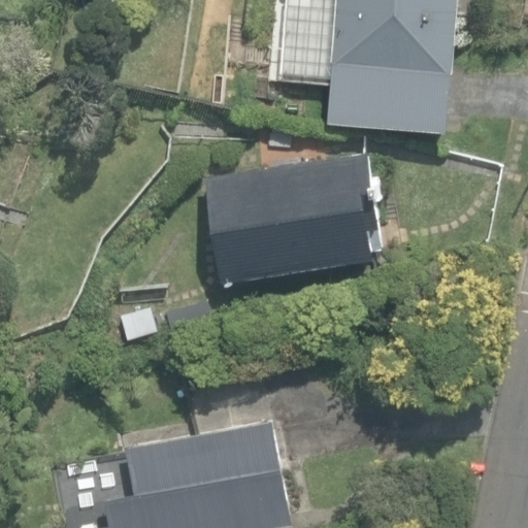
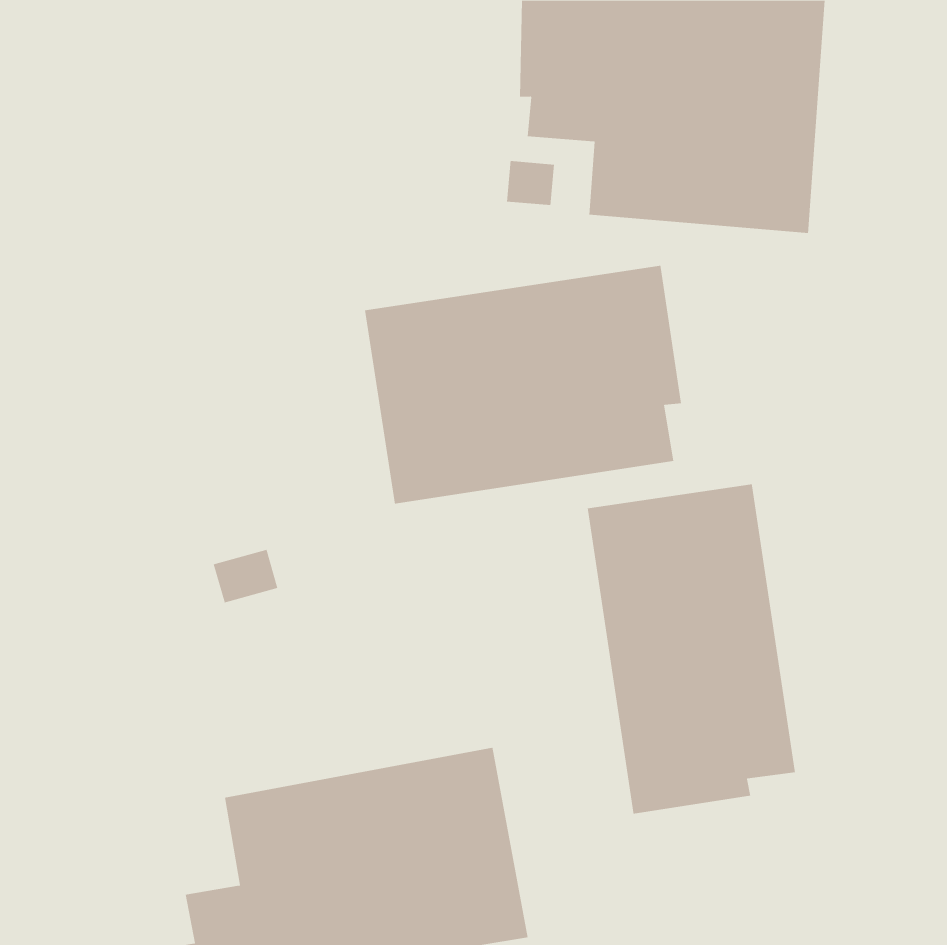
building: none -> [587,484,795,814]

